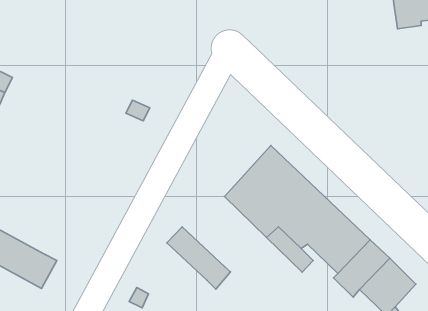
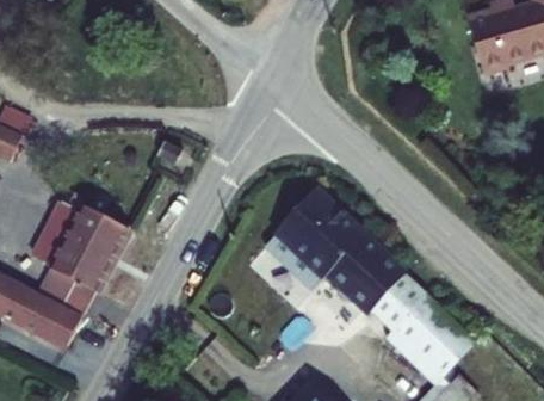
building: none -> [36,197,128,317]
building: [167,227,231,289] -> none

